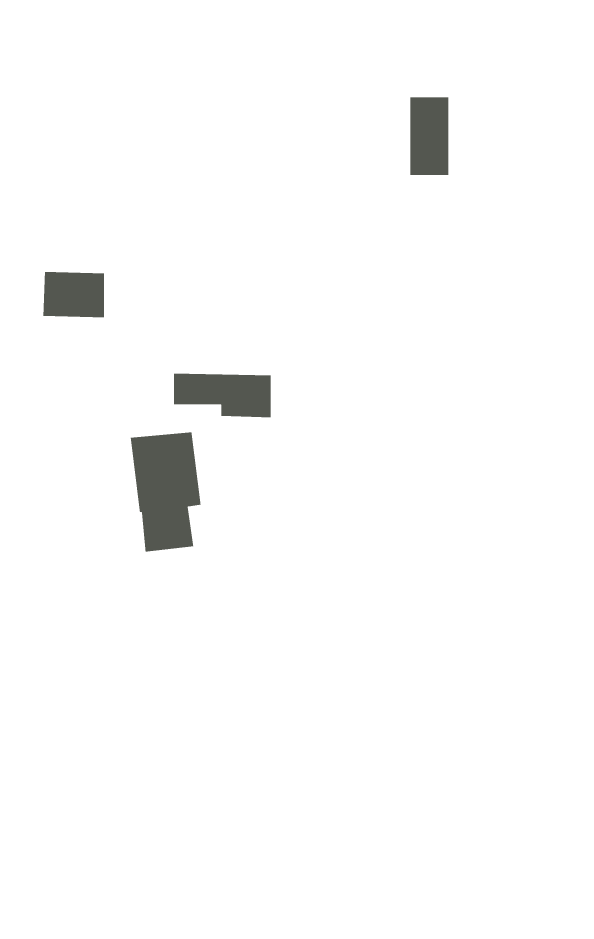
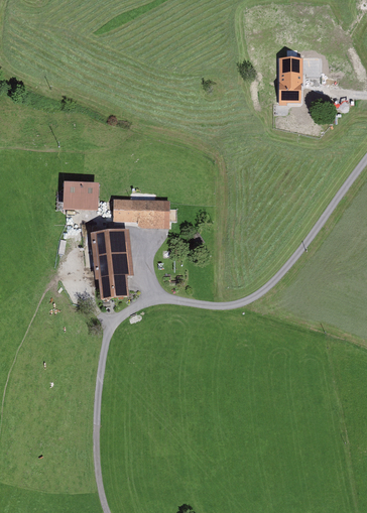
building: [410,96,449,176] -> [277,58,298,101]
building: [42,271,105,318] -> [64,182,97,208]

